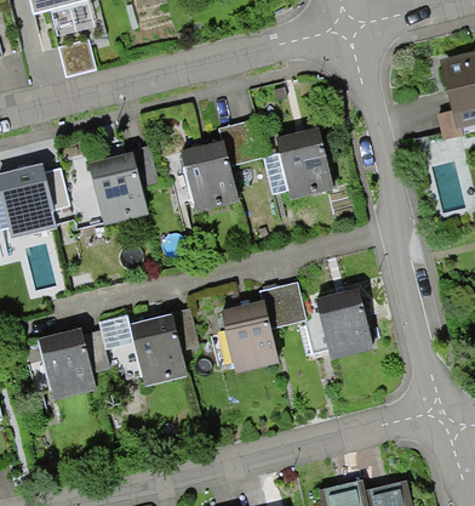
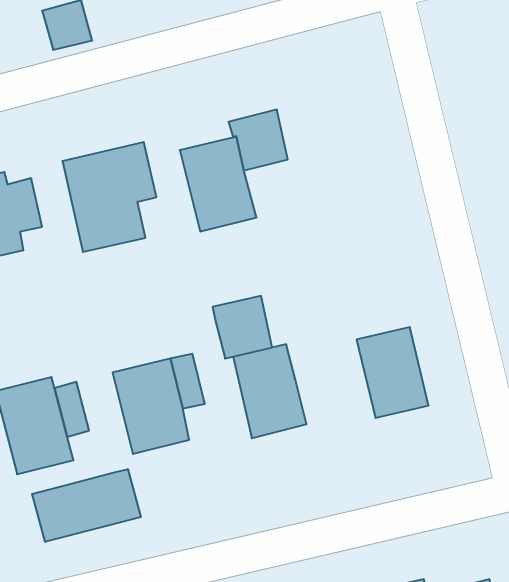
building: [263,121,345,200] -> none
building: [256,279,302,328] -> [213,296,272,359]
building: none -> [32,469,141,542]

